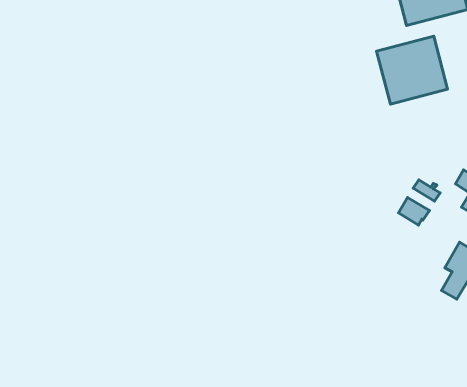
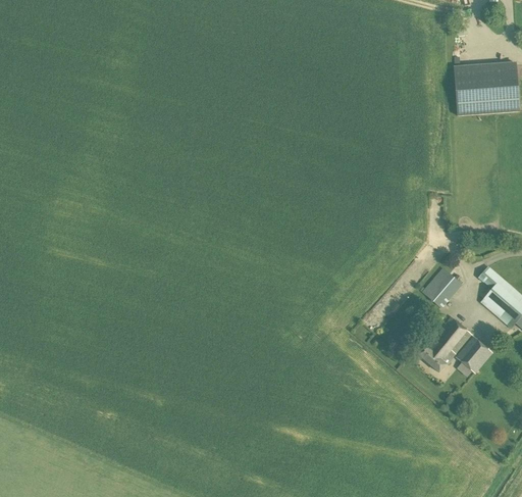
building: [377,36,448,104] -> none
building: none -> [417,315,470,371]

